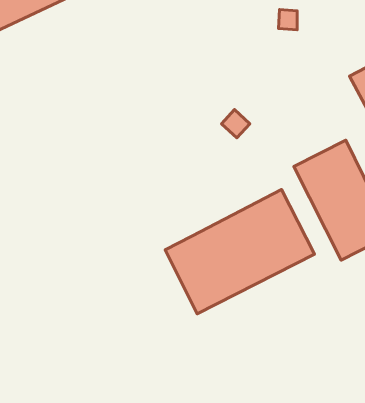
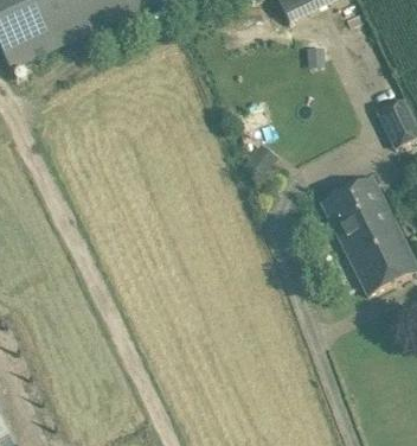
building: [165,189,315,314] -> none

